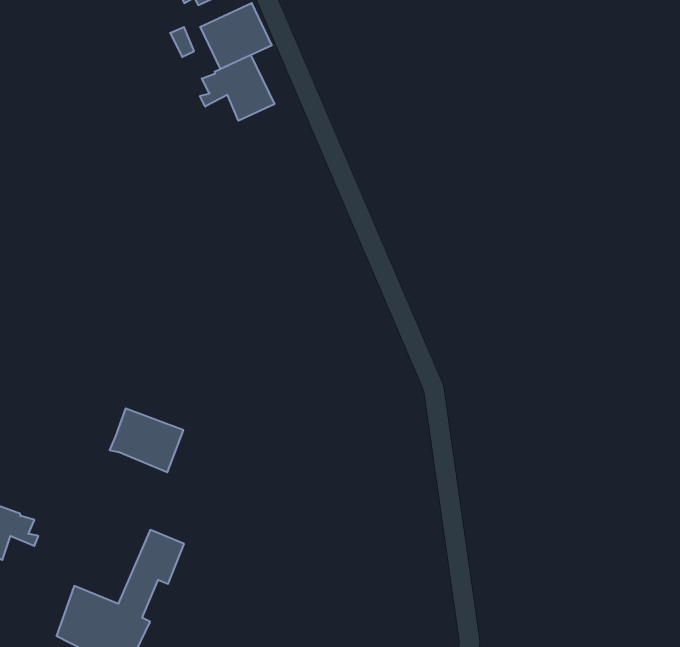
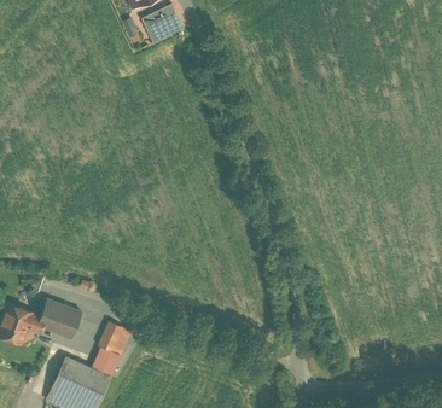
building: [200,55,274,121] -> none
building: [110,408,183,472] -> [36,299,81,338]

